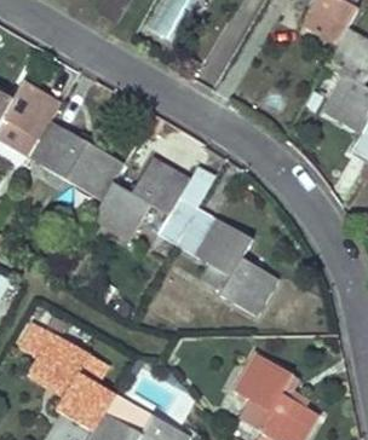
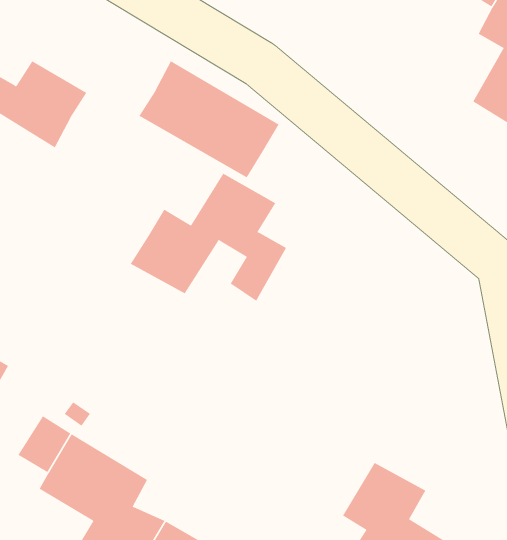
building: [29,121,125,201] -> [139,60,279,178]
building: [177,209,278,317] -> none

